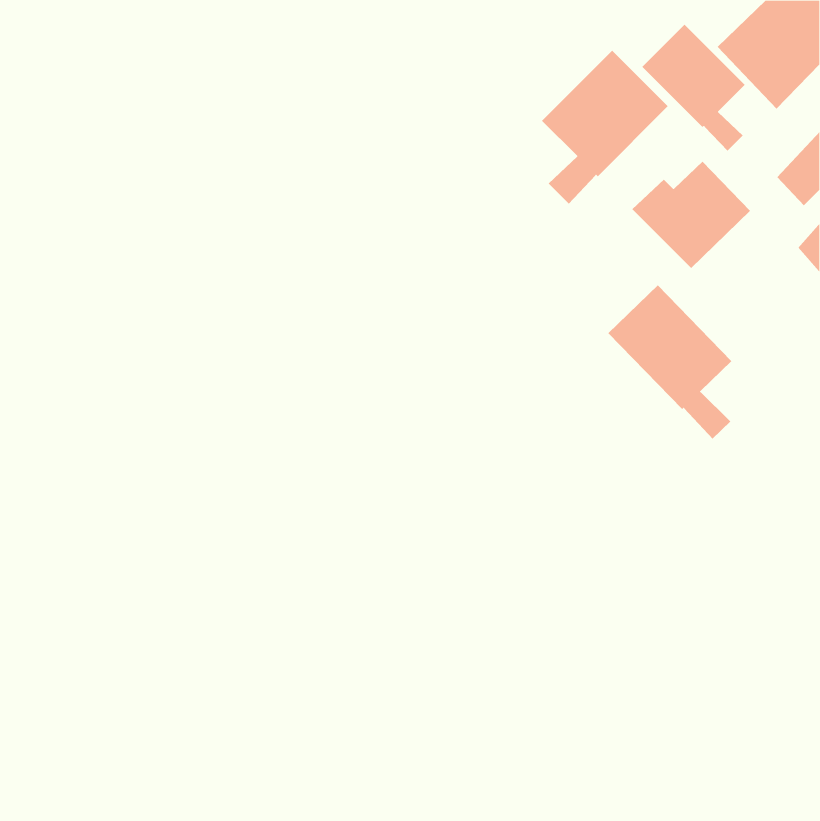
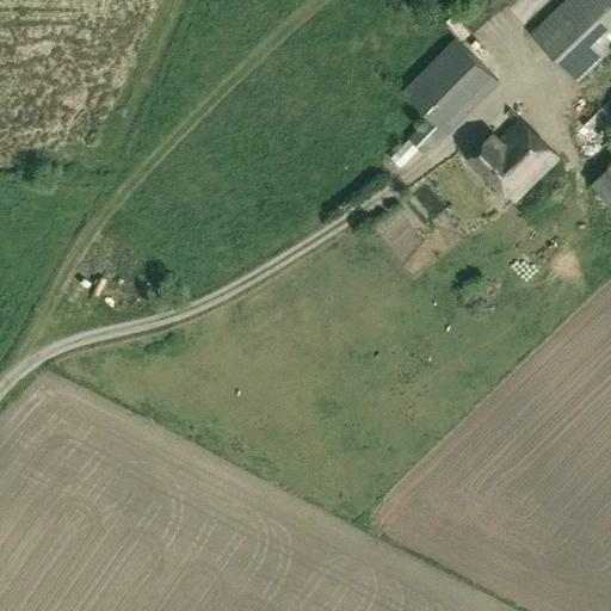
building: [642,24,746,152] -> none
building: [608,284,732,439] -> none

